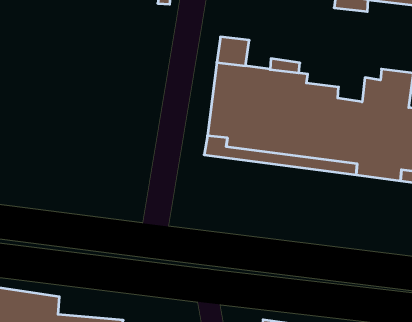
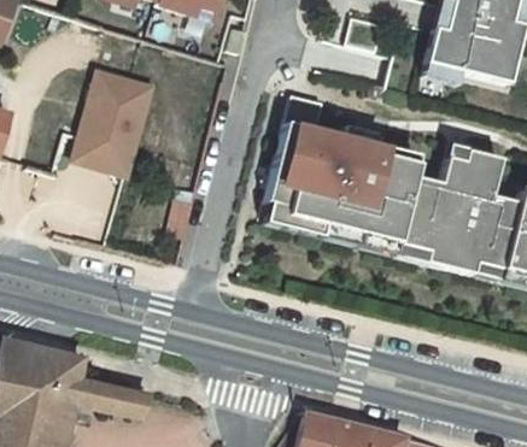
building: none -> [74,67,153,171]

